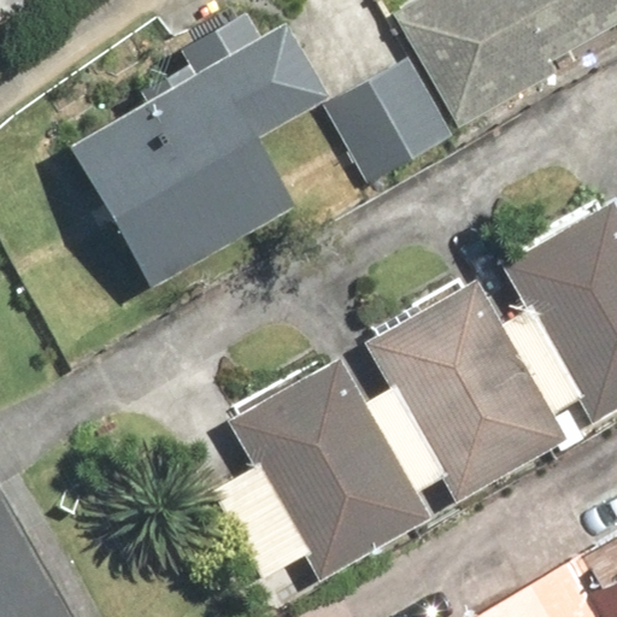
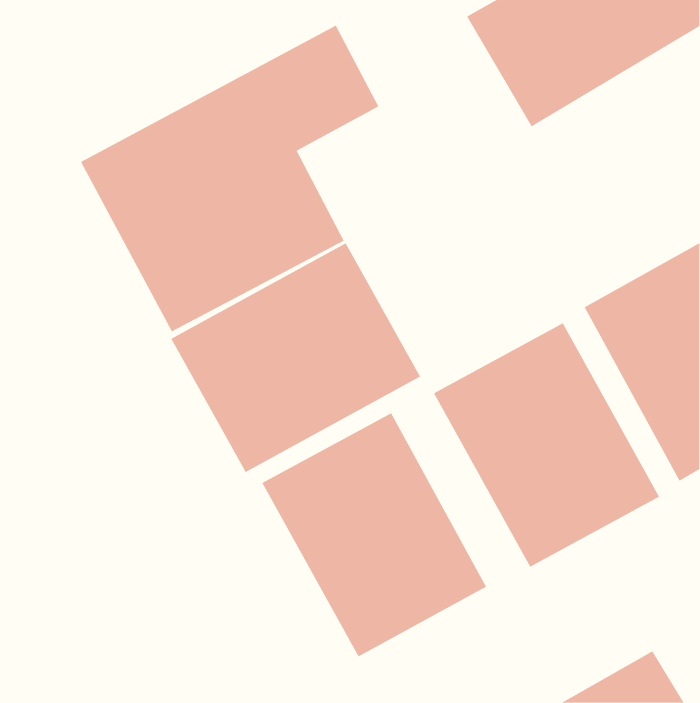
building: [329,59,454,180] -> none
building: none -> [171,243,421,473]

